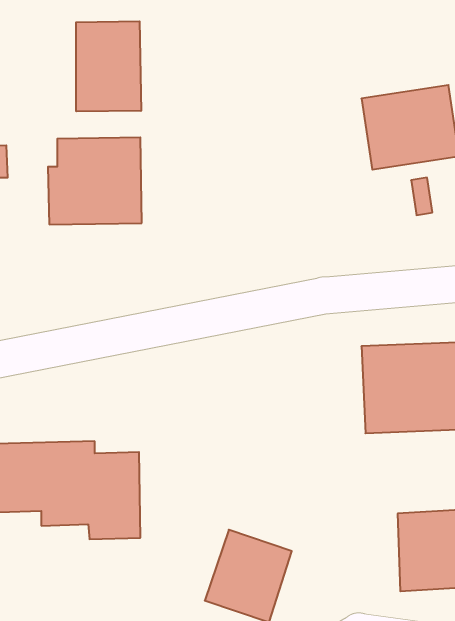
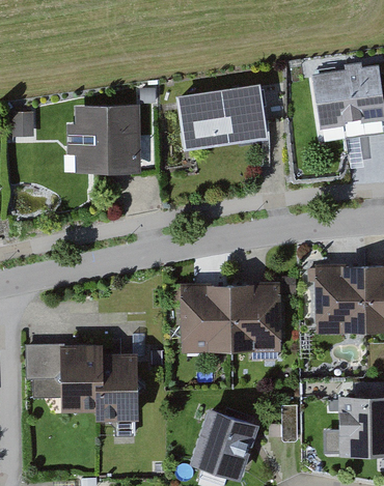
building: [76,21,141,111] -> none
building: none -> [177,81,271,149]
building: none -> [180,284,283,355]

